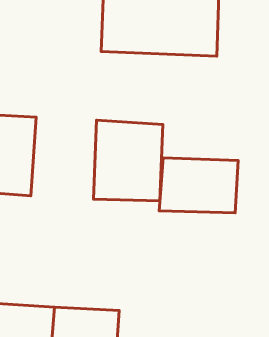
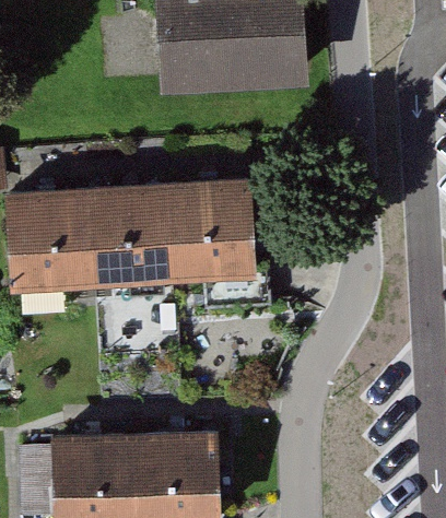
building: none -> [86,185,169,290]
building: [159,158,238,213] -> none

